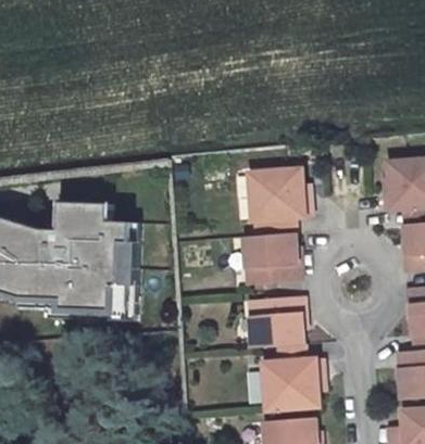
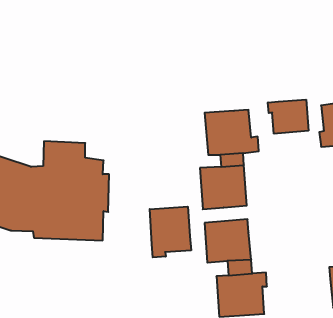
building: none -> [268,100,308,134]
building: none -> [150,207,191,257]

